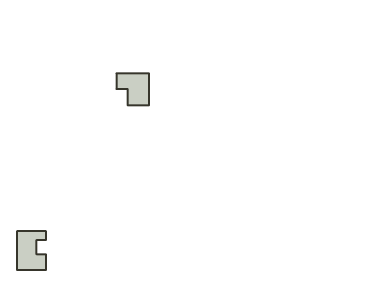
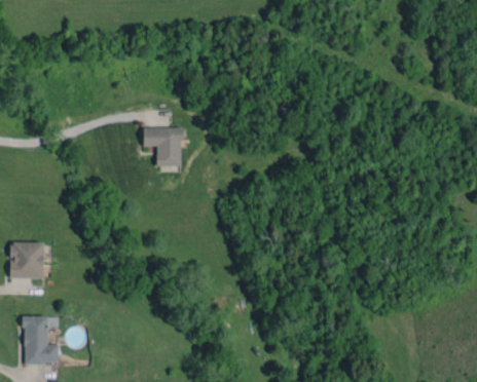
building: none -> [10,242,43,278]

